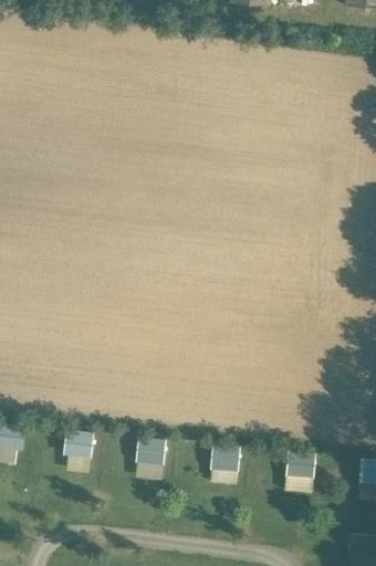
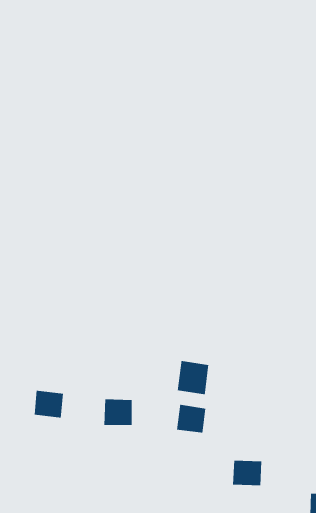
building: none -> [177,360,209,395]
building: [284,452,315,479] -> [232,460,262,486]

